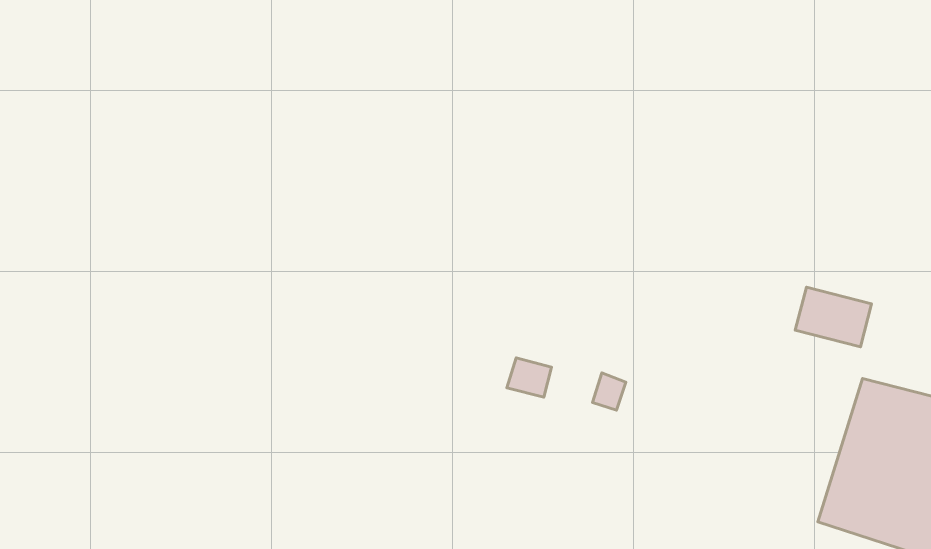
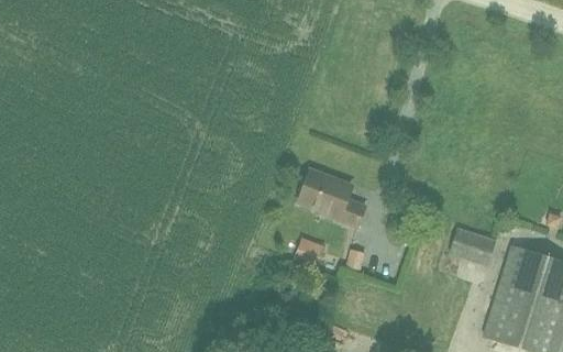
building: none -> [298,167,365,224]
building: [795,287,872,347] -> [453,235,498,271]

